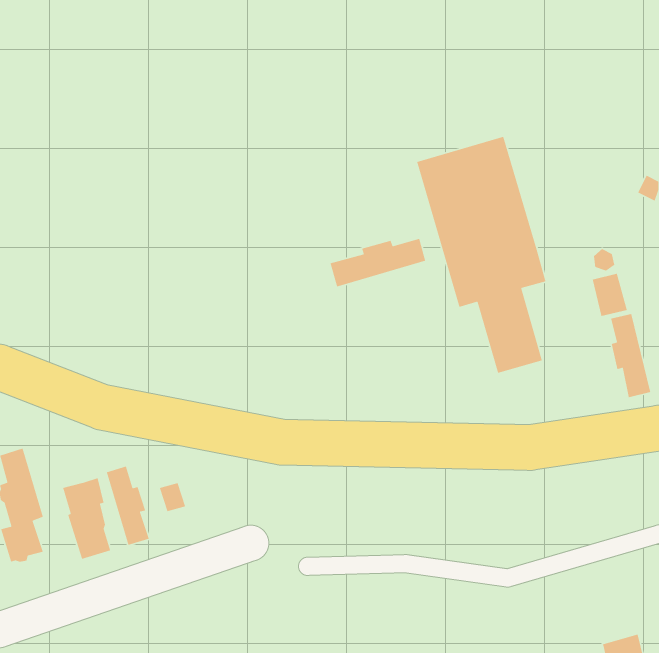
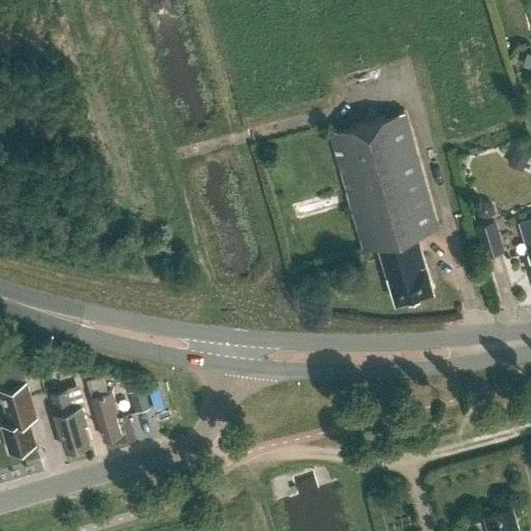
building: [329,238,426,287] -> none
building: [610,313,651,398] -> none

